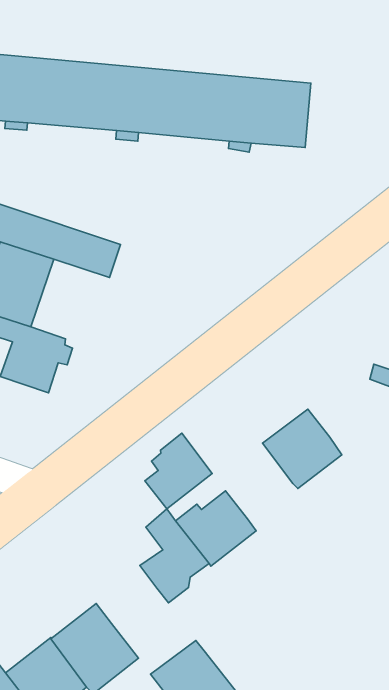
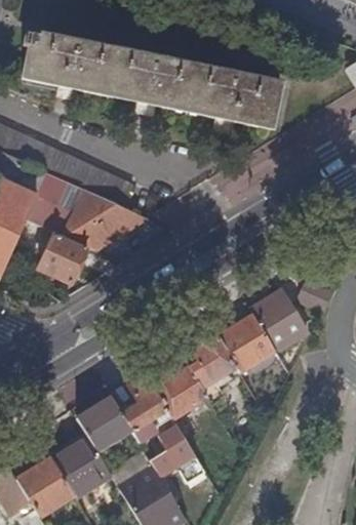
building: none -> [64,188,148,248]
building: none -> [253,290,300,372]
building: [145,433,212,509] -> [189,334,237,387]
building: none -> [77,395,132,450]
building: none -> [150,423,203,479]

